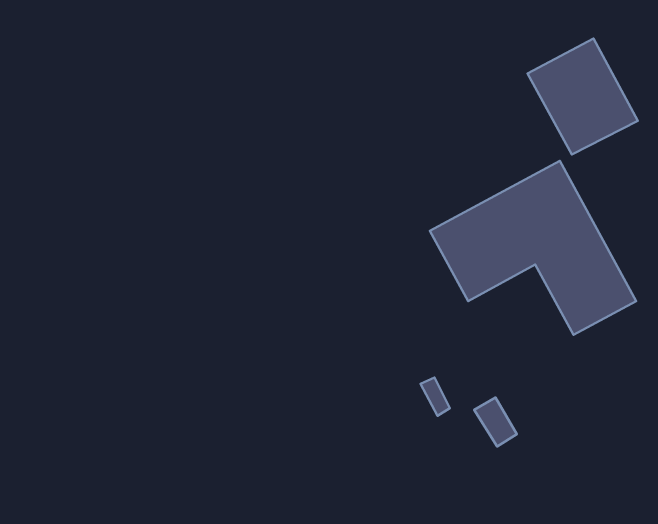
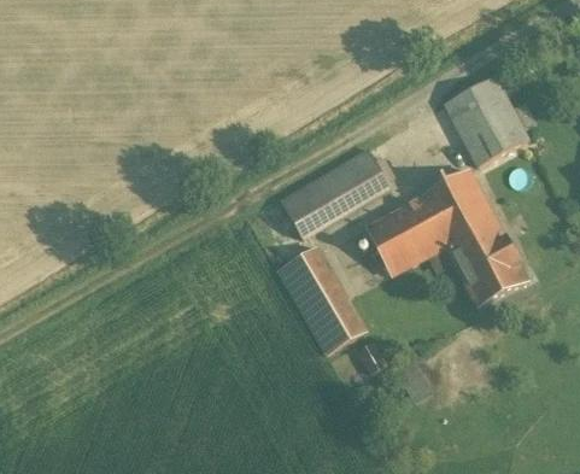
building: none -> [279,152,387,241]
building: none -> [280,242,370,350]

